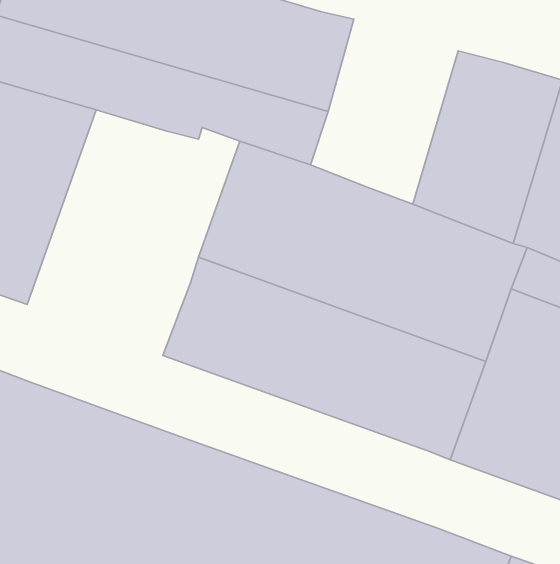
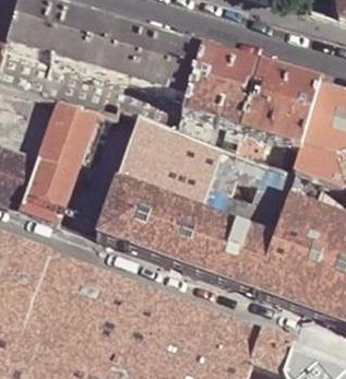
building: none -> [178,46,260,149]
building: none -> [21,96,98,218]

